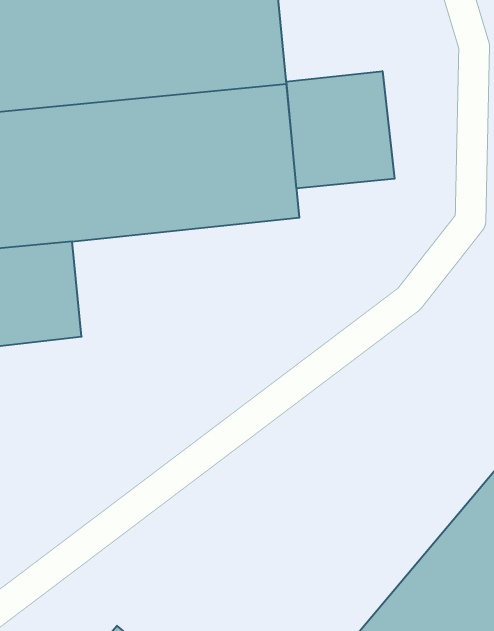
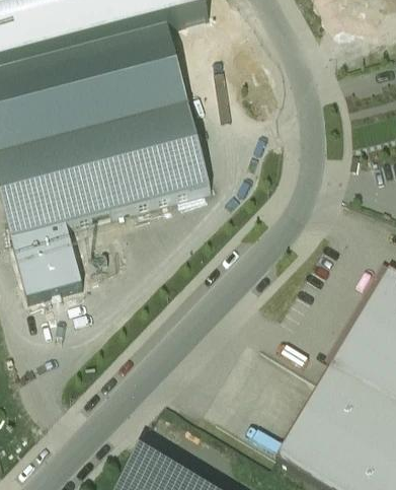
building: [286,71,395,188] -> none

